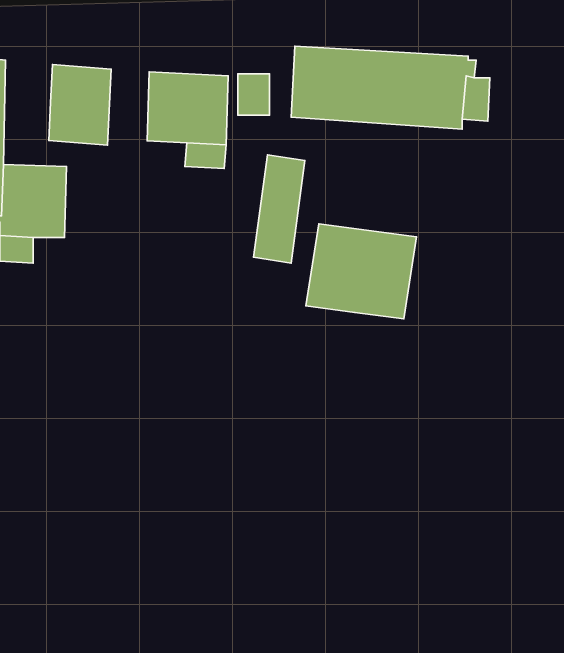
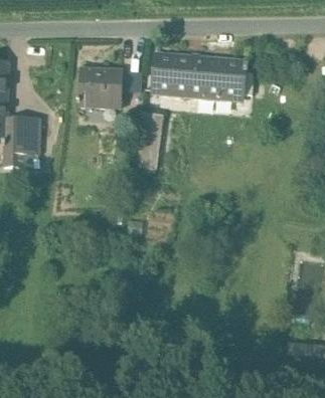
building: [49,65,111,145] -> none
building: [306,224,417,319] -> none

